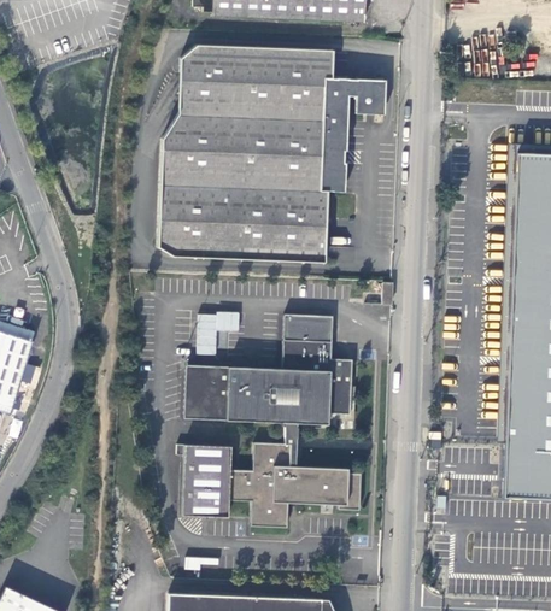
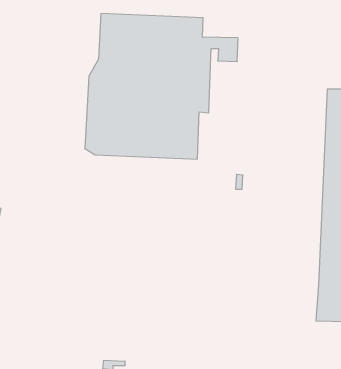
building: [181,312,362,524] -> none
building: [197,313,241,356] -> none

